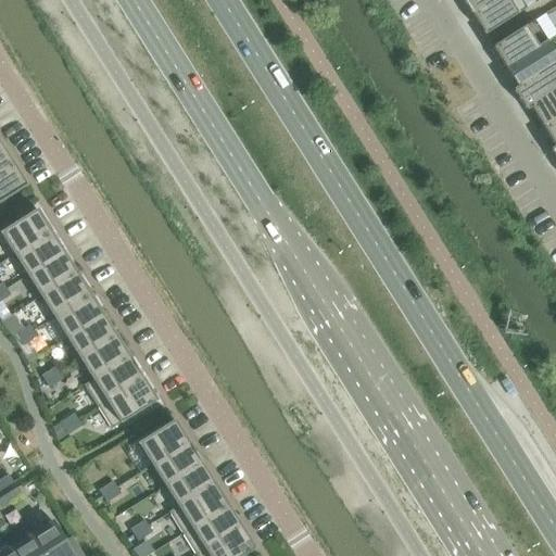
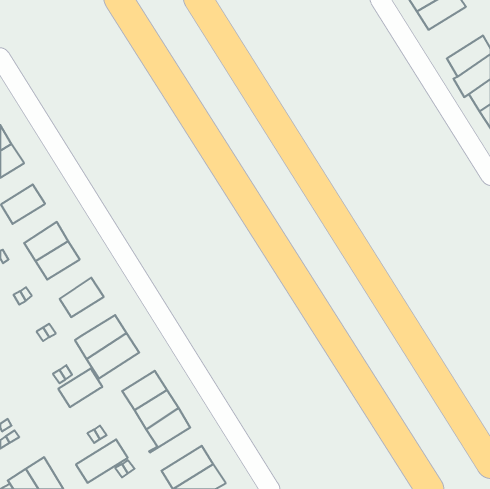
building: [492,20,547,66] -> none
building: [15,230,65,275] -> none
building: [54,293,104,338] -> none
building: [81,336,131,379] -> [58,369,102,407]
building: [170,483,229,532] -> [76,439,128,483]

